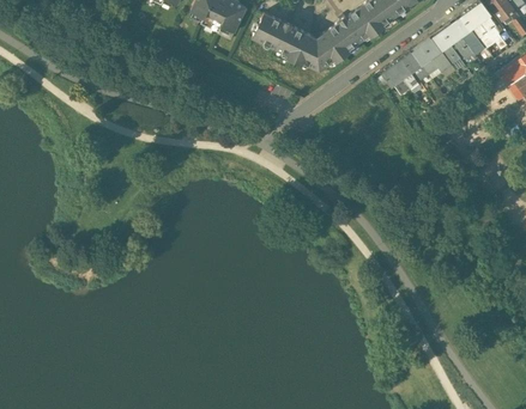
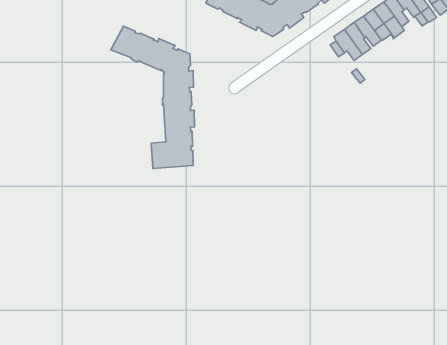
building: none -> [111,26,194,169]

